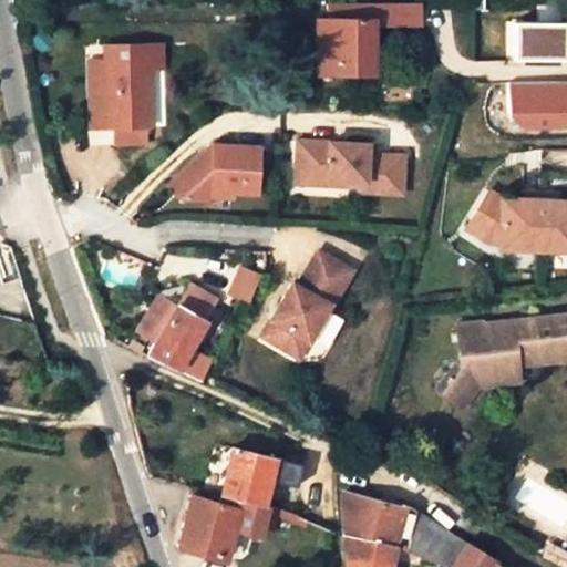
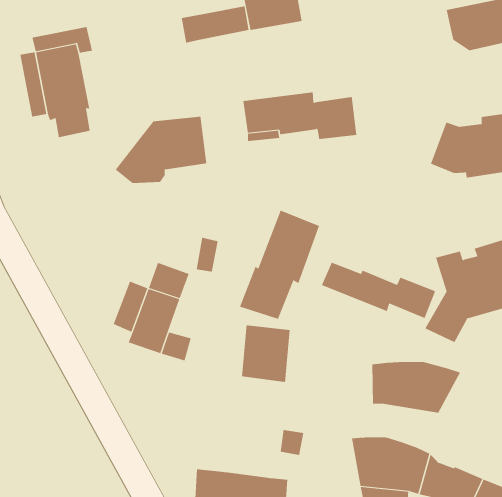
building: none -> [181,6,249,44]
building: none -> [321,262,436,319]
building: none -> [372,361,461,413]
building: [221,446,277,508] -> [241,325,291,383]

